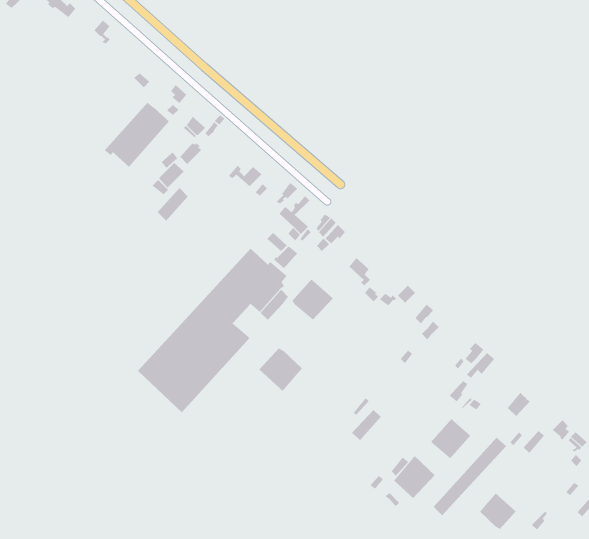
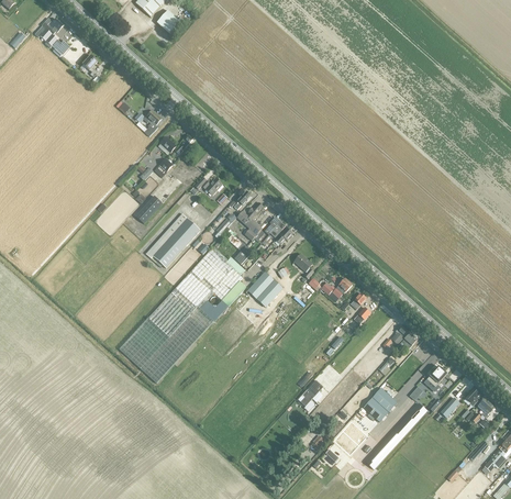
building: [104,102,170,168] -> [145,213,200,268]
building: [259,348,303,392] -> none
building: [479,492,516,530] -> none

